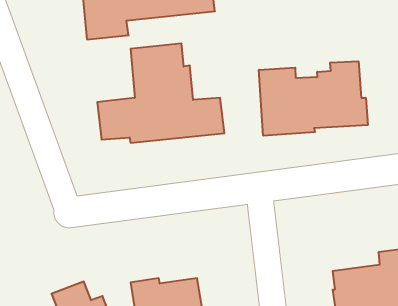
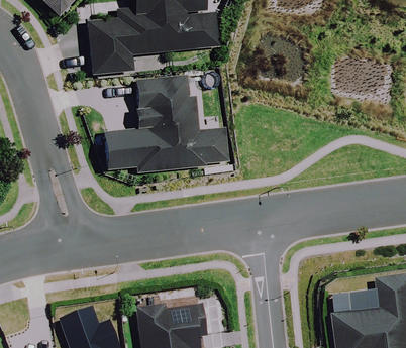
building: [259,61,368,136] -> none

